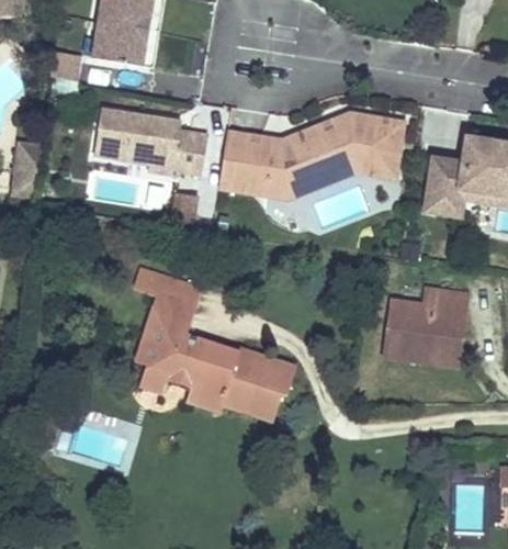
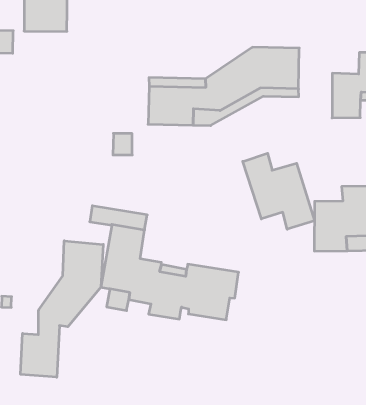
building: [94,107,207,169] -> none
building: none -> [243,153,314,229]
building: none -> [21,241,103,377]

